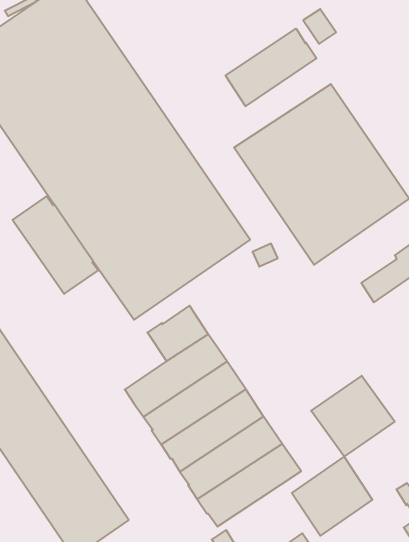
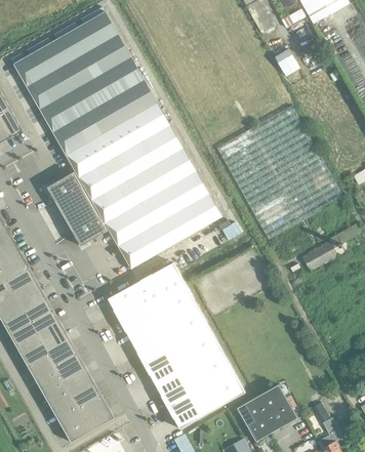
building: [226,29,316,106] -> none
building: none -> [108,279,152,320]
building: [311,376,395,457] -> none

